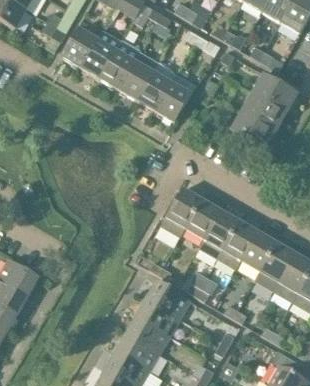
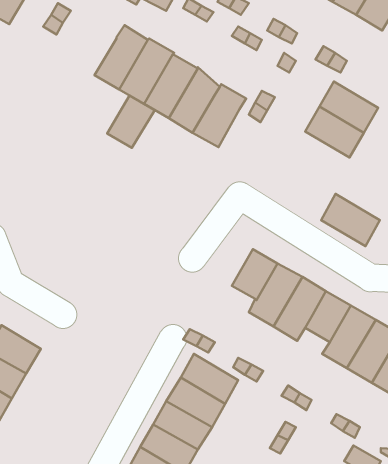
building: [61,27,97,67] -> [107,95,154,148]
building: [230,110,275,150] -> [321,194,380,246]
building: [160,188,201,238] -> none

